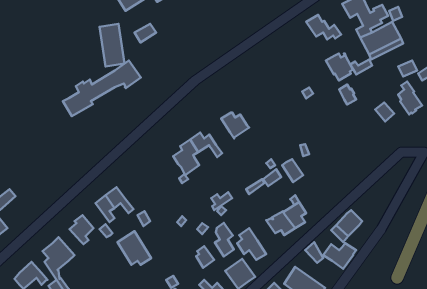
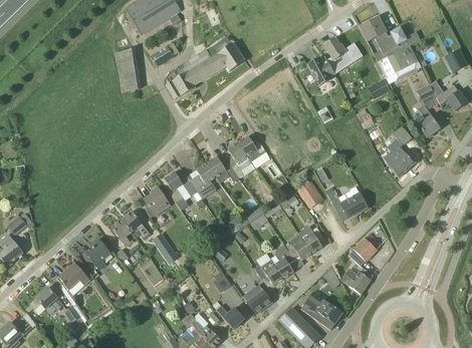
building: [326,54,353,81] -> [307,58,334,85]
building: [63,60,141,116] -> [166,43,244,99]
building: none -> [226,142,247,178]
building: none -> [385,147,414,178]
building: none -> [164,168,197,211]
building: none -> [327,186,368,218]
building: none -> [145,190,170,218]
building: [215,223,234,257] -> [274,245,293,279]

